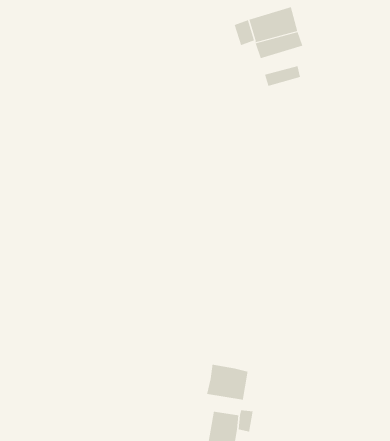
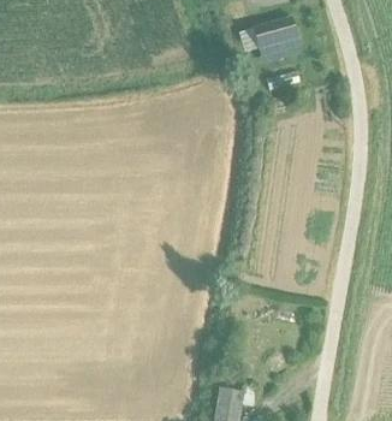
building: [206,364,248,400] -> none

